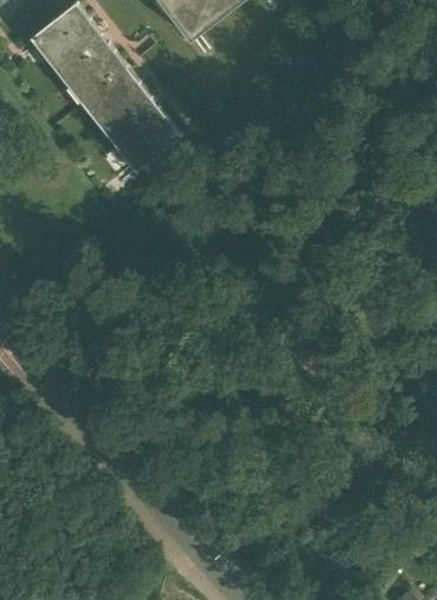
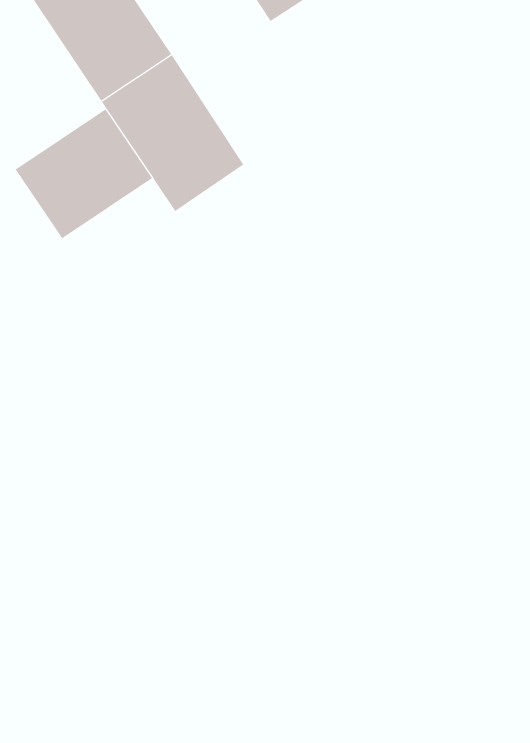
building: none -> [15,108,153,239]

